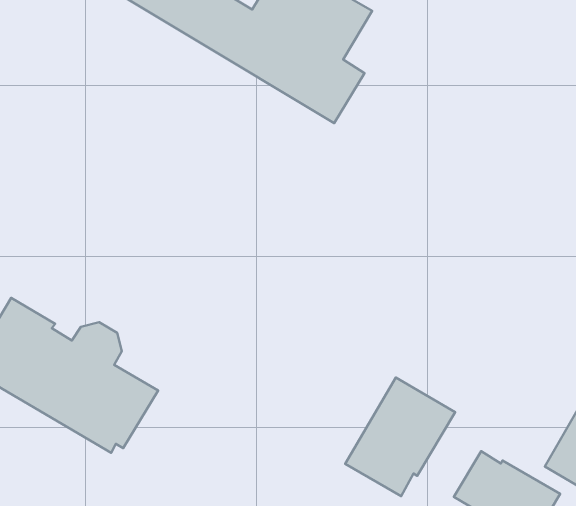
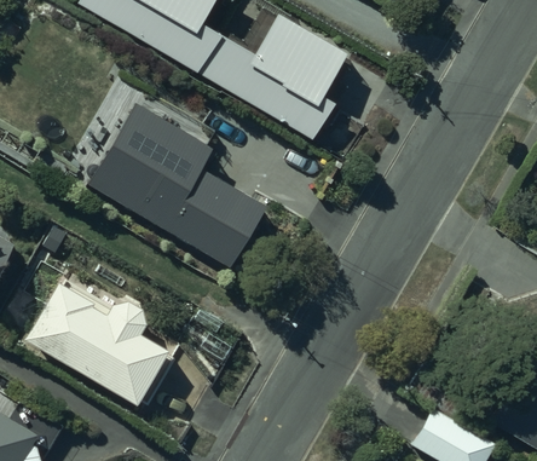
building: none -> [87,103,266,266]
building: [345,378,455,496] -> none

